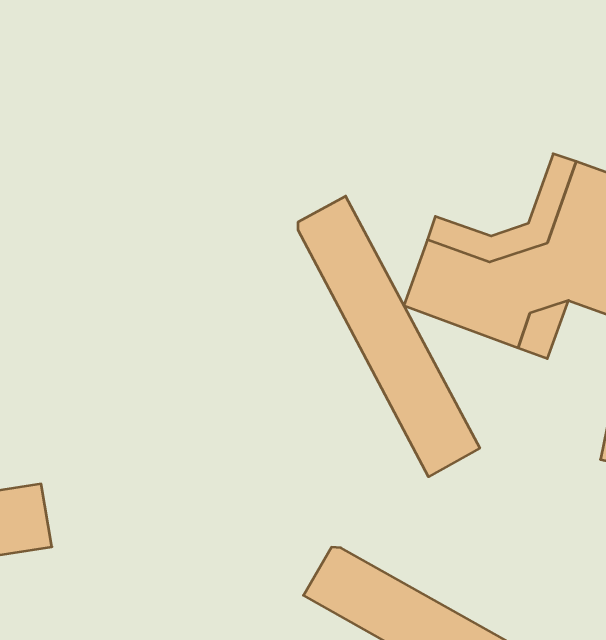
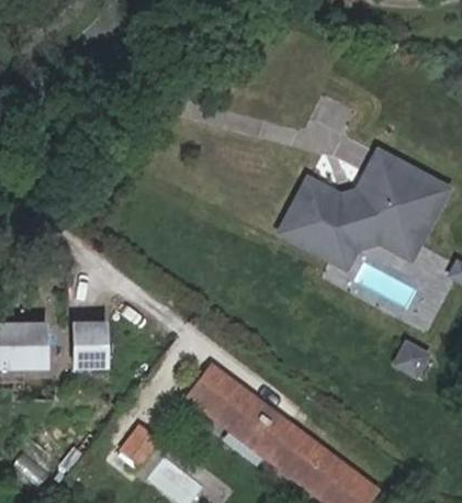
building: [298,196,480,477] -> none
building: none -> [77,313,104,353]

